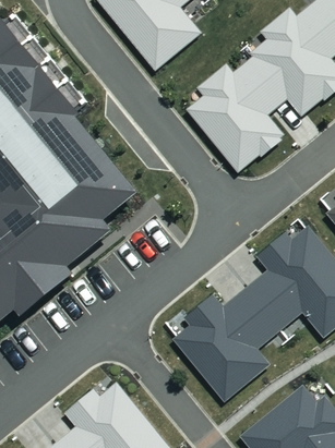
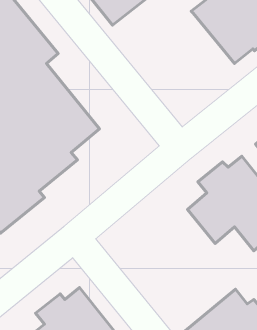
building: [184,57,286,172] -> none
building: [170,290,277,403] -> none

